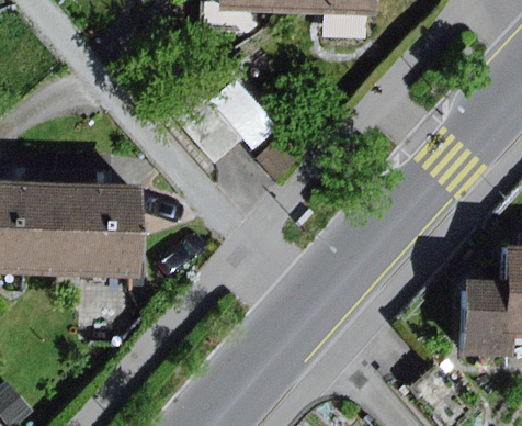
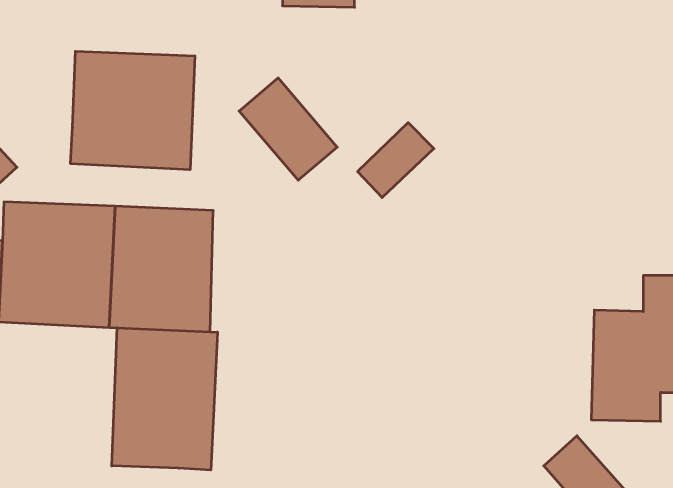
building: none -> [71,51,195,170]
building: none -> [112,328,217,470]

